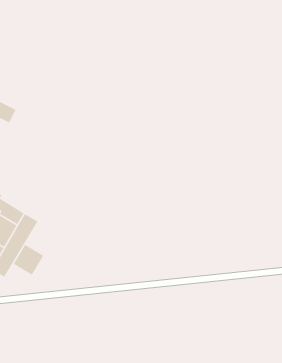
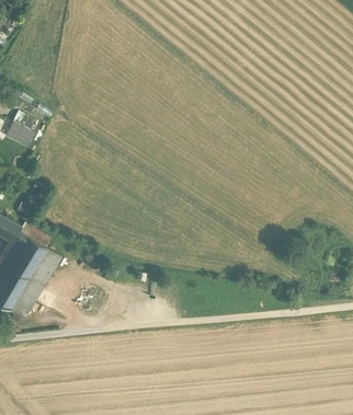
building: [13,244,44,276] -> none

